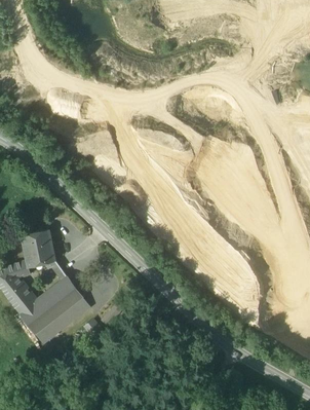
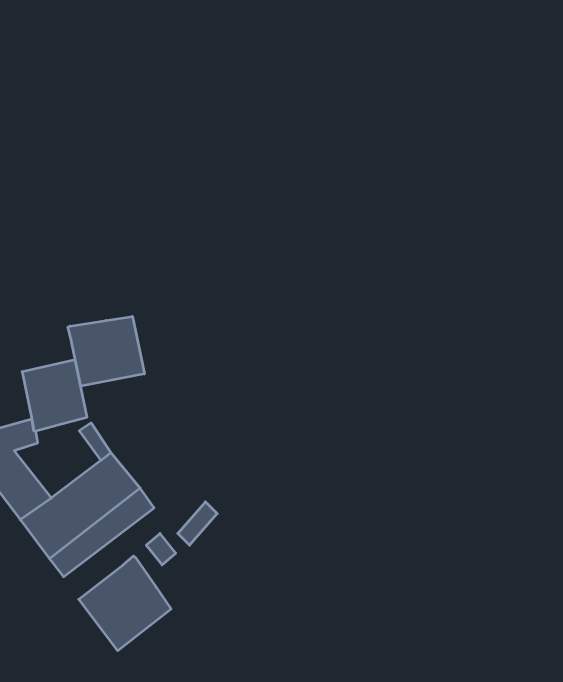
building: none -> [68,316,144,386]
building: none -> [79,556,171,651]

